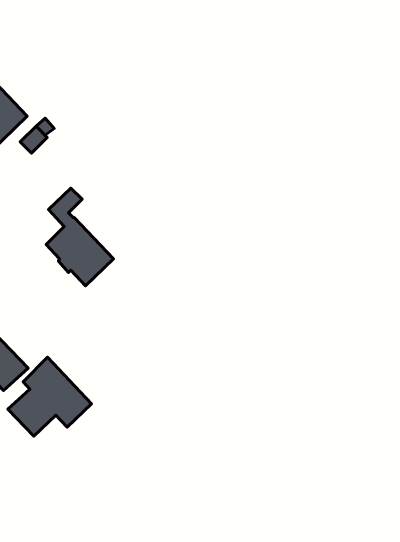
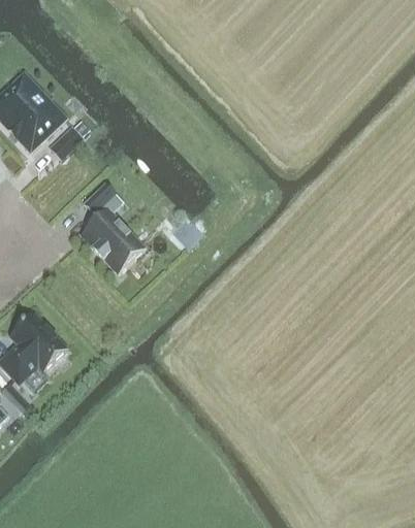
building: [8,357,92,436] -> none

